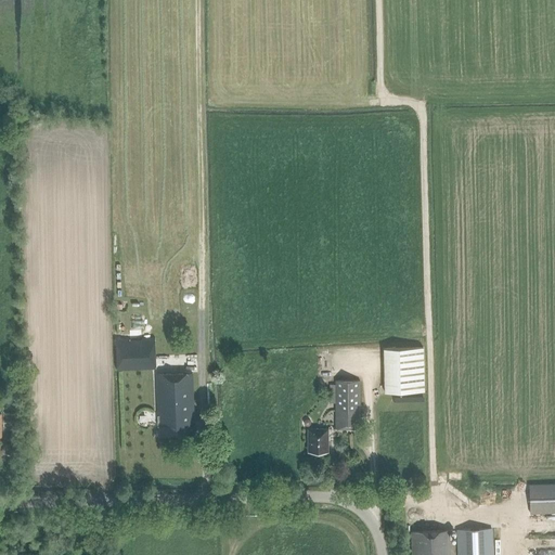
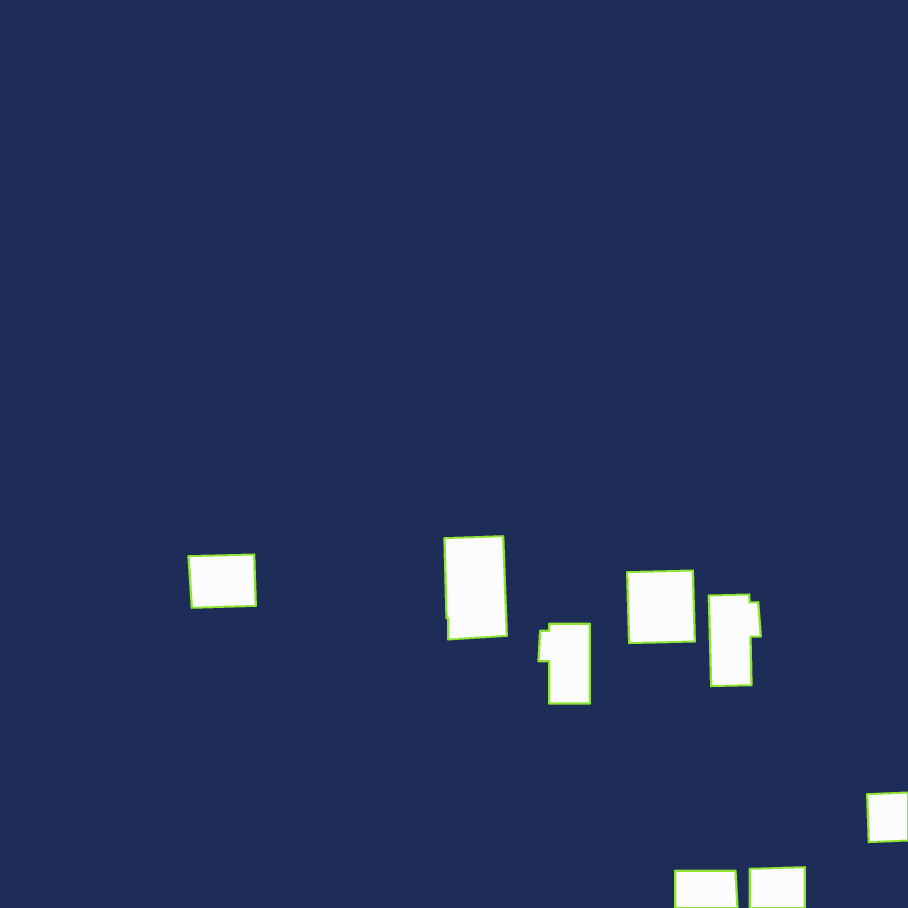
building: none -> [709,594,761,686]
building: [157,374,195,437] -> [445,536,507,639]
building: [309,429,327,452] -> none

